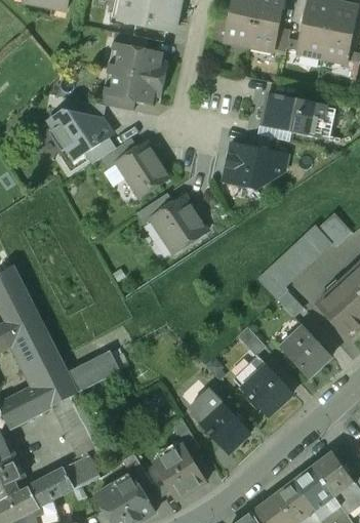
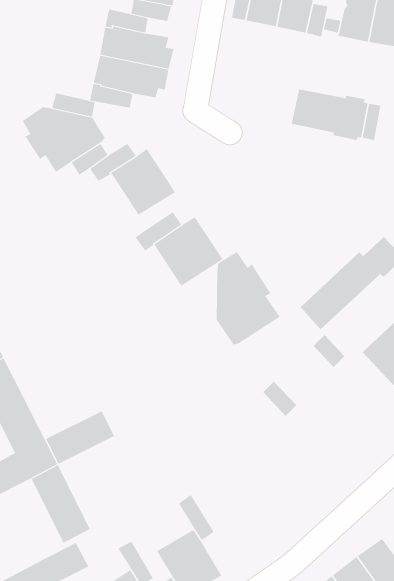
building: [225,144,281,193] -> none
building: none -> [216,251,280,345]
building: [282,328,329,376] -> none
building: [234,363,291,415] -> none
building: [189,389,249,453] -> none

